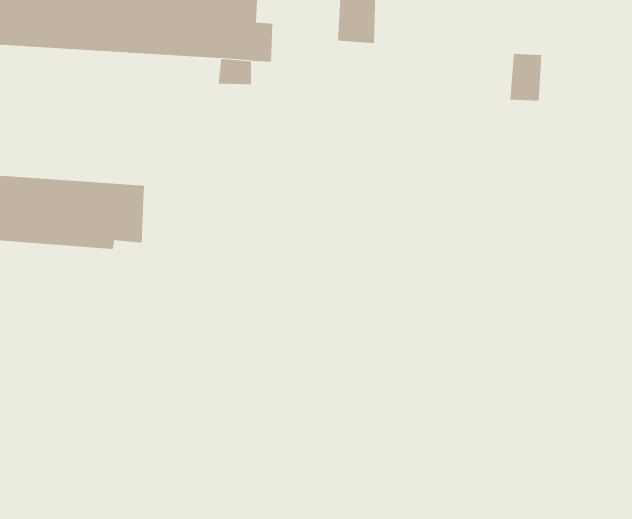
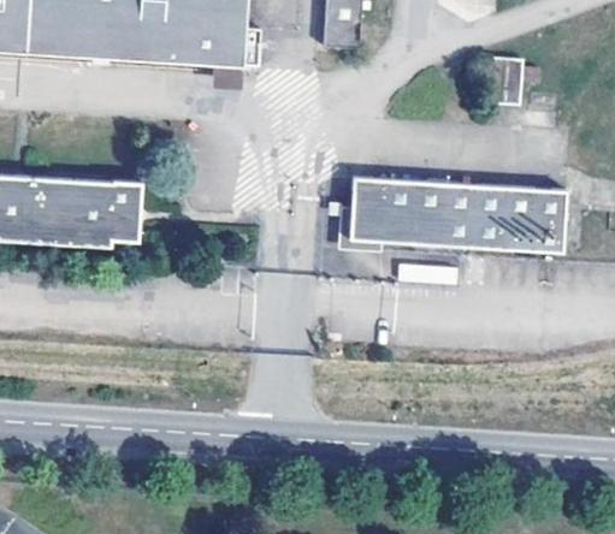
building: none -> [350,180,563,249]

